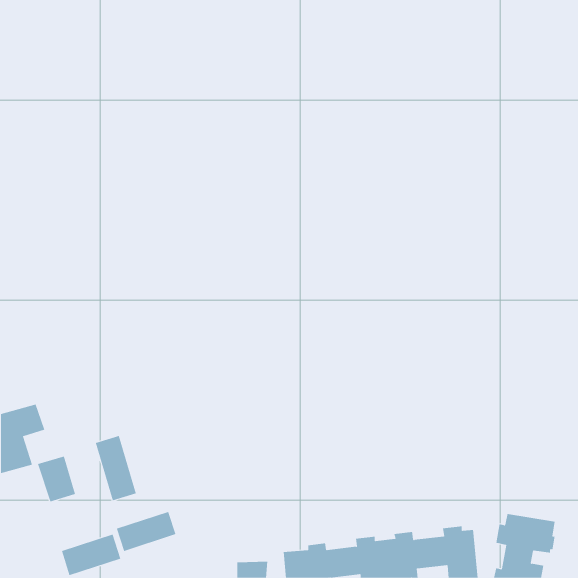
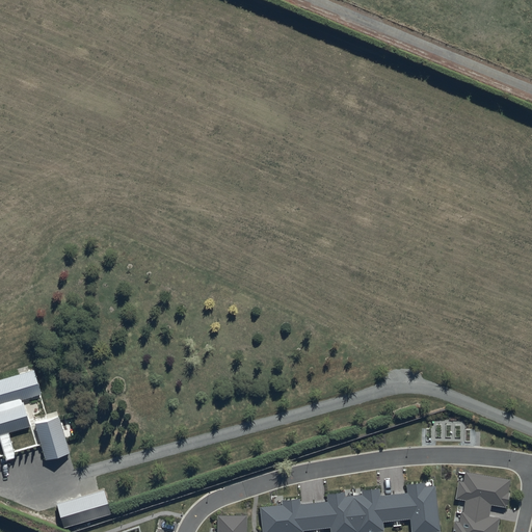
building: [95,435,137,501] -> none
building: [116,511,176,552] -> none

